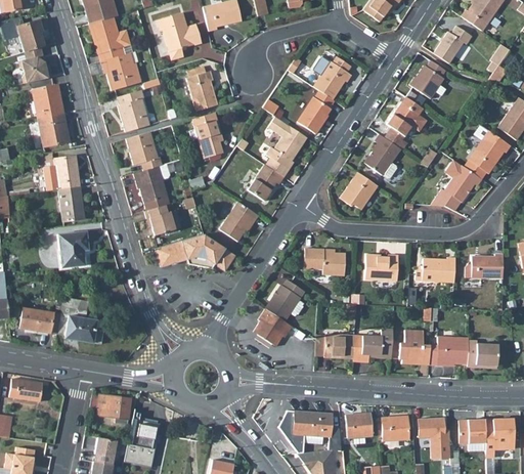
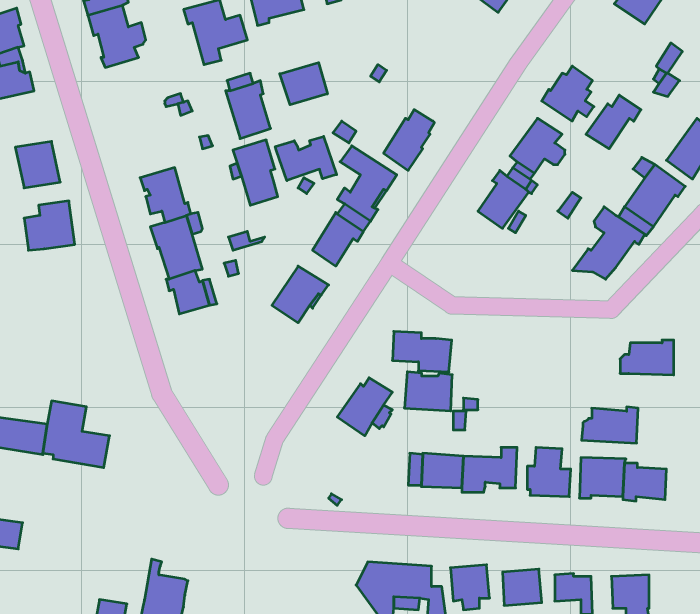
building: [433,26,472,63] -> [586,95,641,149]
building: [101,53,141,90] -> none
building: [313,56,352,99] -> none
building: none -> [280,63,327,105]
building: [32,85,63,118] -> none
building: [118,90,149,132] -> none
building: none -> [275,136,337,181]
building: [340,175,378,210] -> none
building: [58,186,84,221] -> none
building: [58,231,88,268] -> none
building: [155,234,235,271] -> none
building: [364,254,398,282] -> [404,372,452,411]
building: [416,257,455,283] -> [582,407,638,443]
building: [253,308,293,346] -> none
building: [97,395,131,424] -> none
building: [485,419,514,441] -> none

